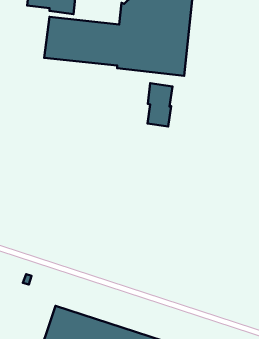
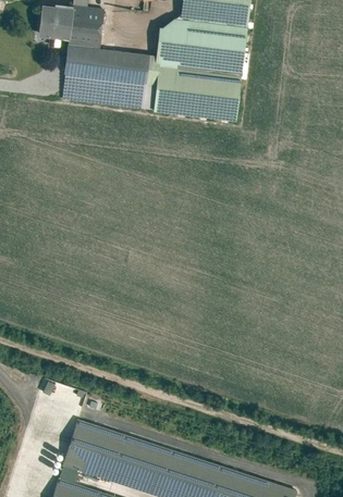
building: [147,83,172,126] -> none

